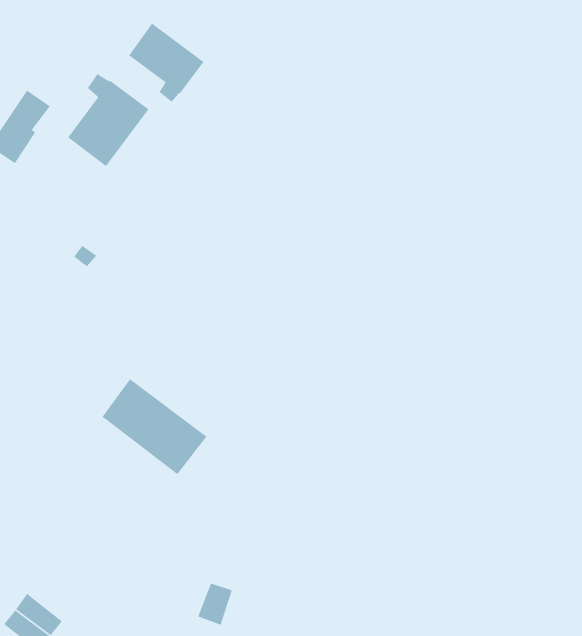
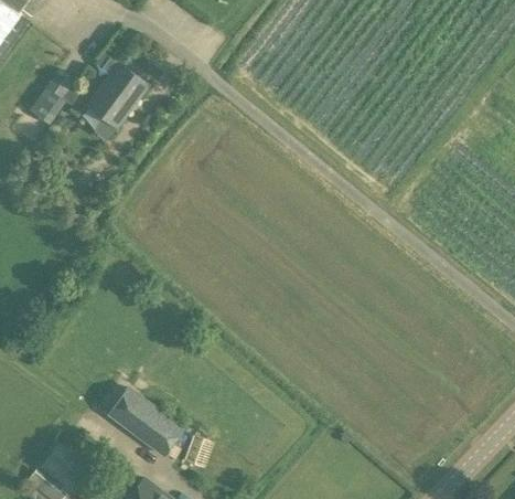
building: [128,23,204,102] -> none
building: [101,378,207,475] -> [106,386,184,458]

